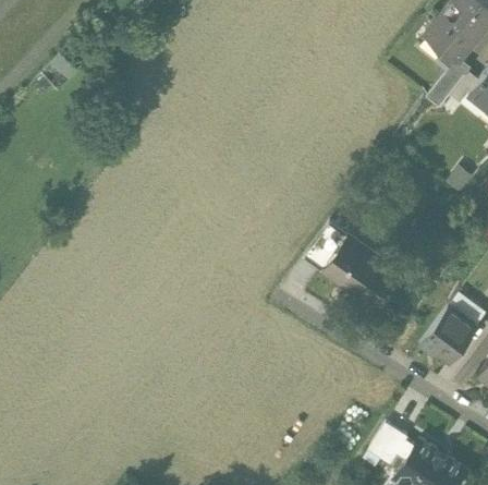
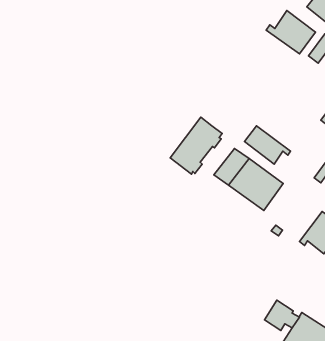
building: none -> [266,11,316,54]
building: none -> [170,117,222,174]
building: none -> [244,126,290,164]

